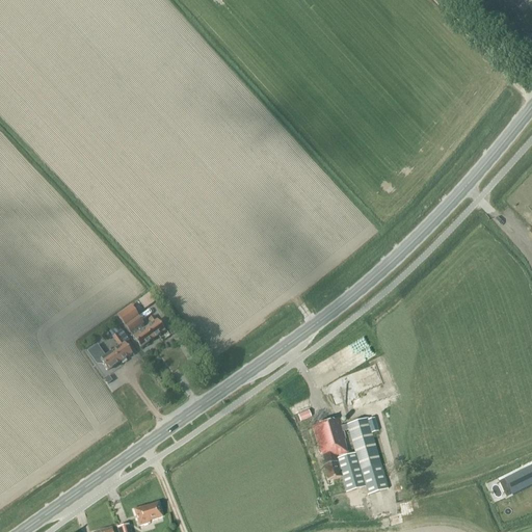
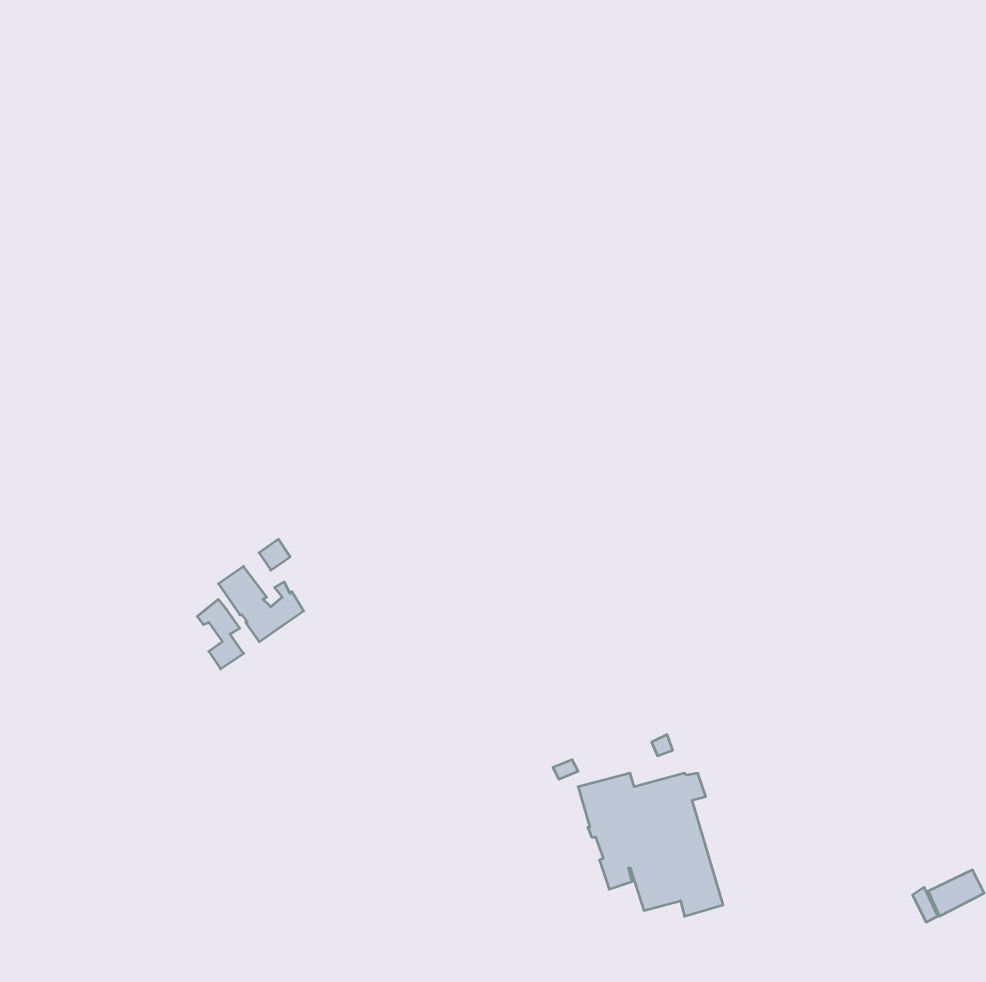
building: [84,338,119,368] -> none
building: [134,501,163,523] -> none

